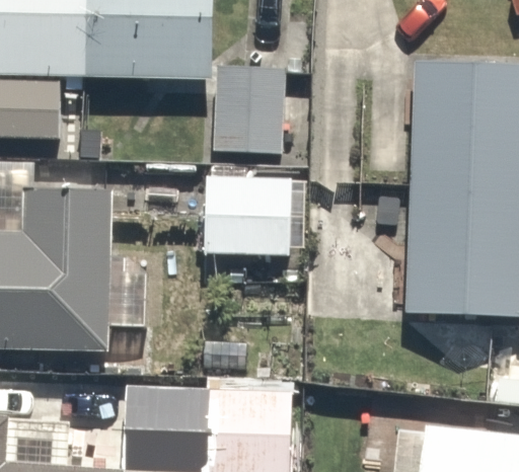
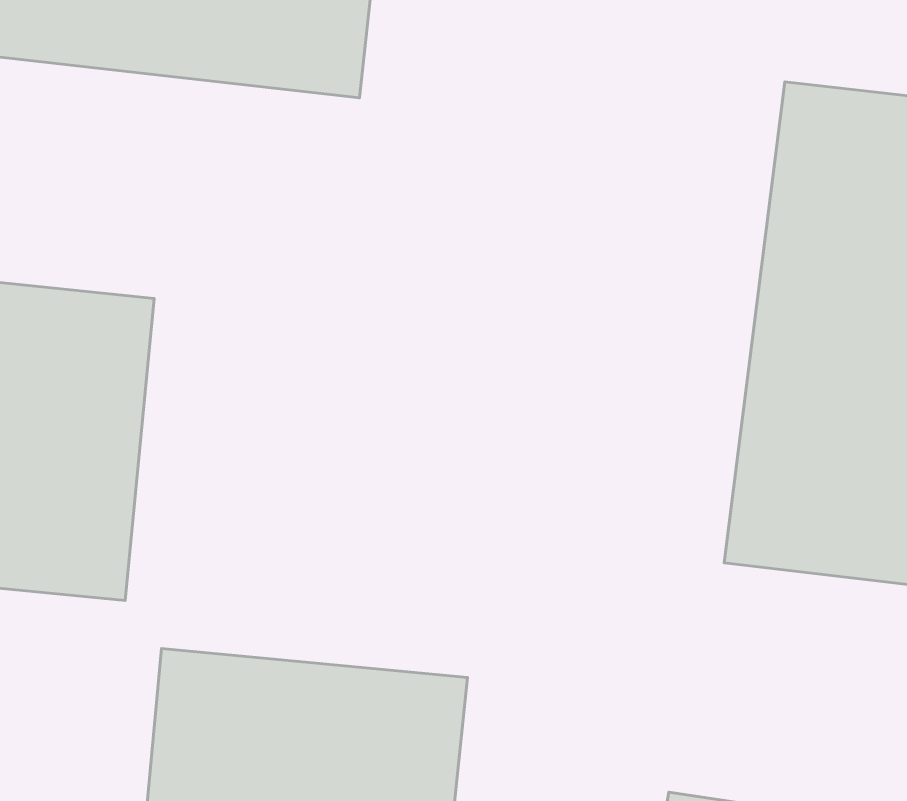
building: [209,65,284,151] -> none
building: [206,165,283,250] -> none

